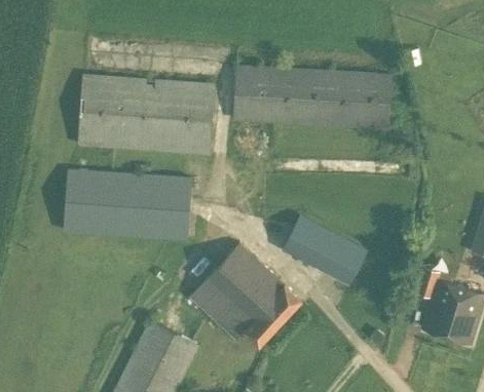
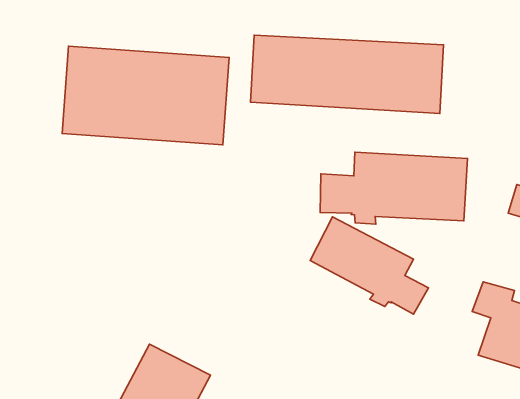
building: none -> [320,152,468,224]
building: [63,168,193,241] -> none
building: [189,241,302,346] -> none

